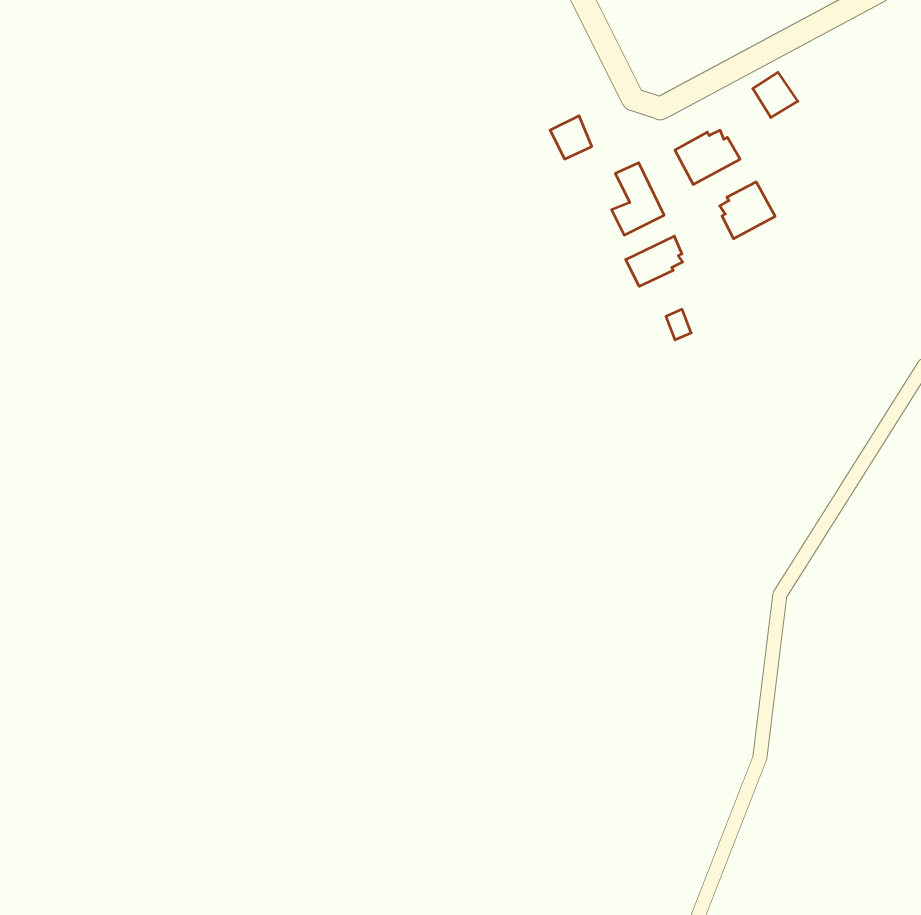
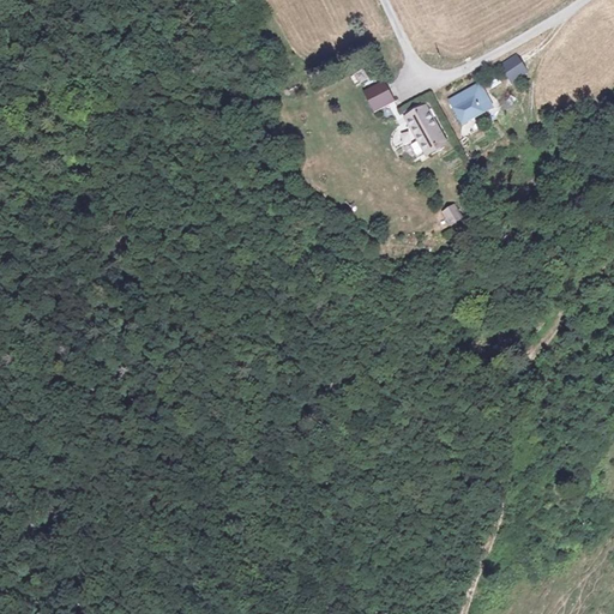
building: [720,182,775,239] -> none
building: [626,236,683,286] -> none

